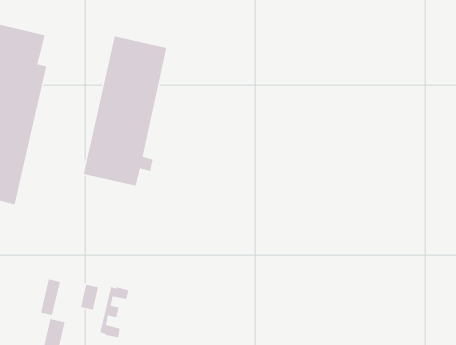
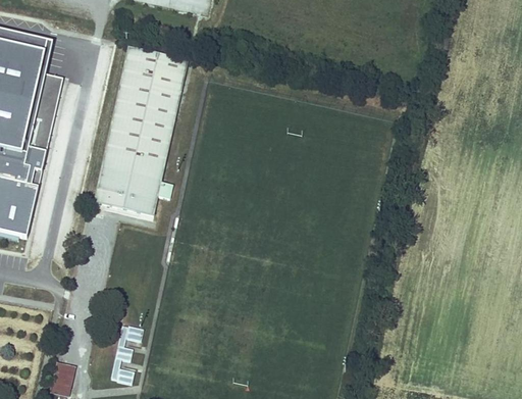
building: [40,279,61,316] -> none
building: [80,284,99,310] -> none

